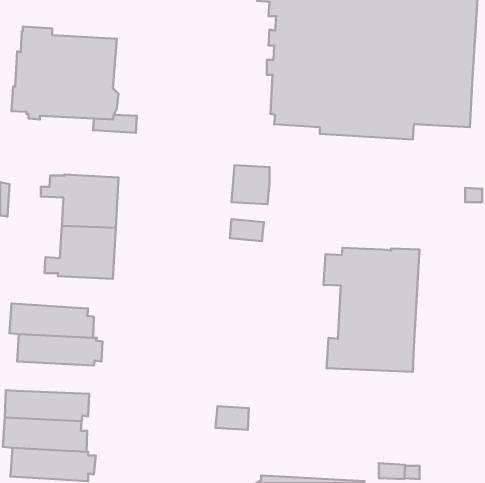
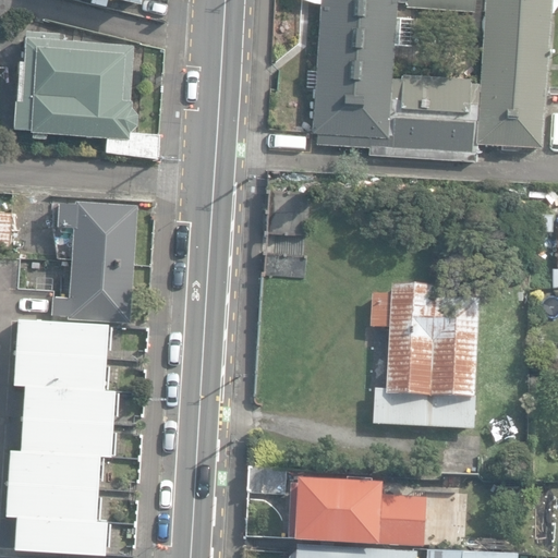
building: none -> [13,318,111,354]
building: none -> [19,415,116,453]
building: none -> [294,480,435,547]

